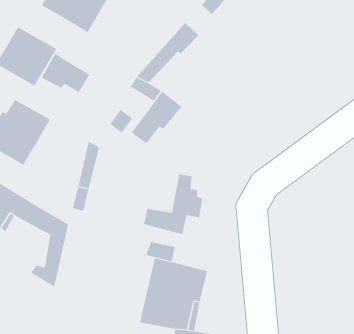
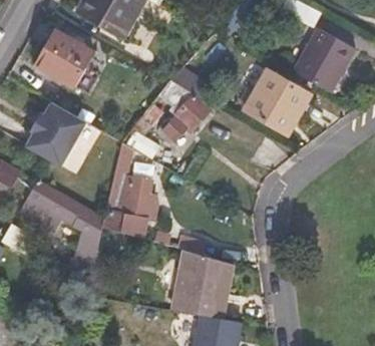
building: none -> [292,26,353,91]
building: [41,53,90,93] -> none
building: none -> [245,72,311,133]
building: [143,174,203,235] -> [102,181,158,238]

